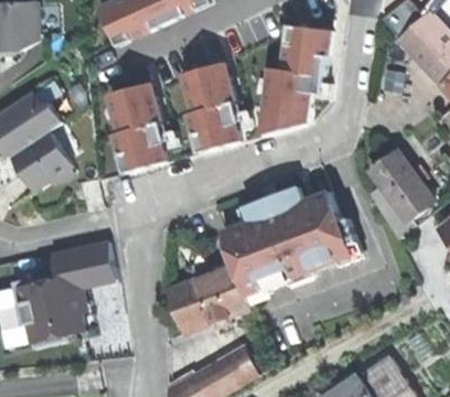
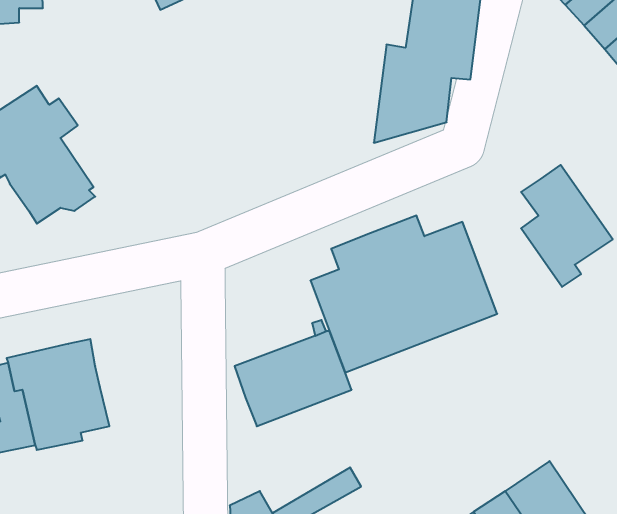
building: [186,57,249,150] -> none
building: [112,79,175,171] -> none
building: [47,243,112,290] -> none

